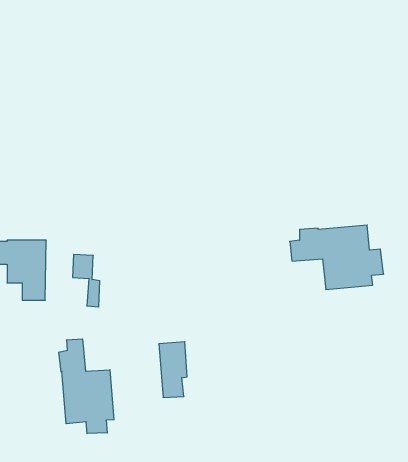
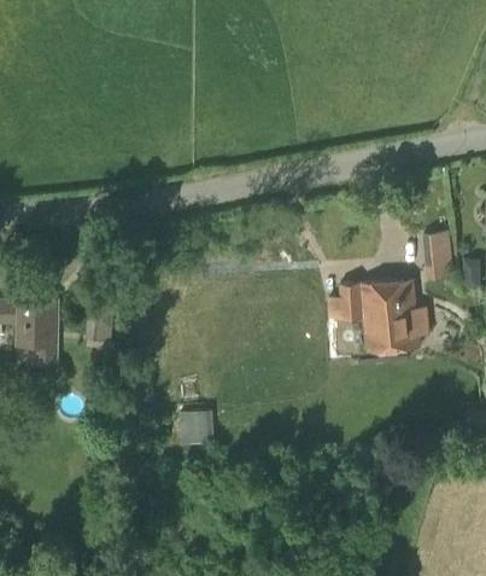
building: none -> [422,232,452,280]
building: [59,339,114,434] -> none

